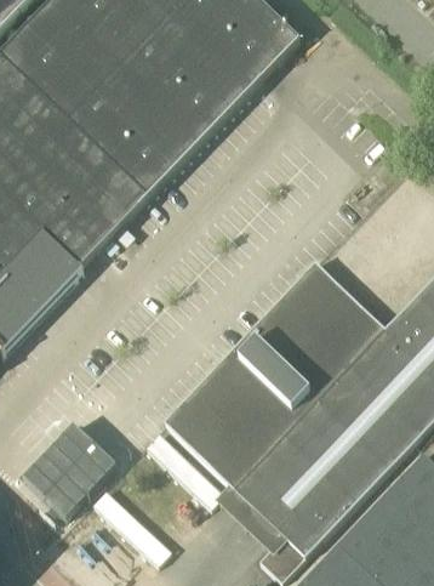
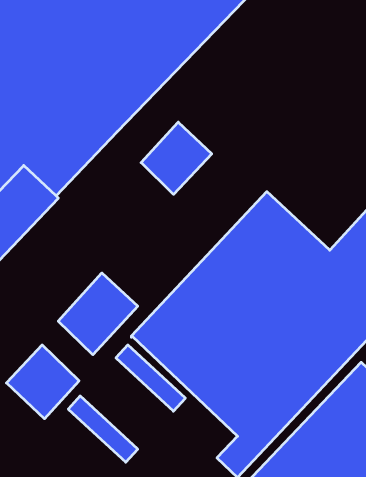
building: none -> [141,122,212,194]
building: none -> [58,273,138,355]

